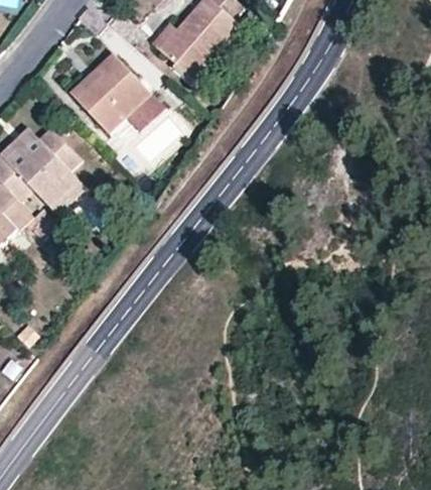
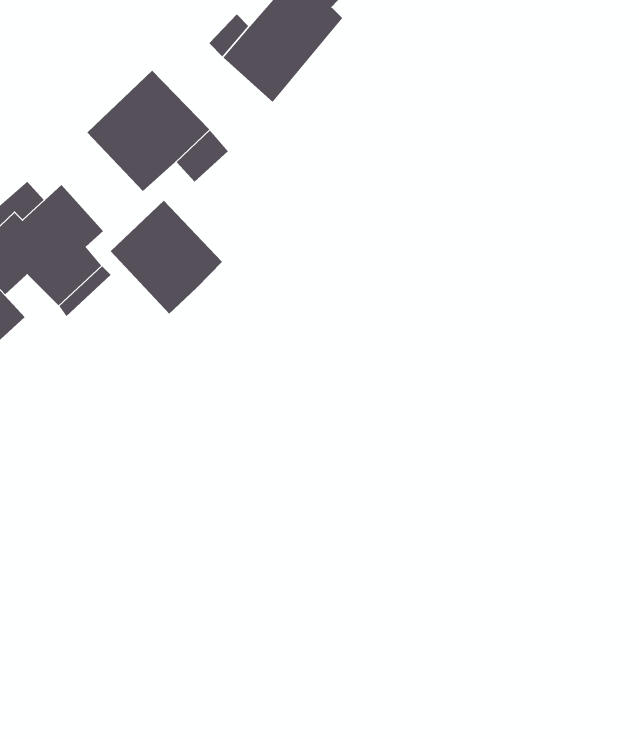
building: none -> [110,200,223,315]

